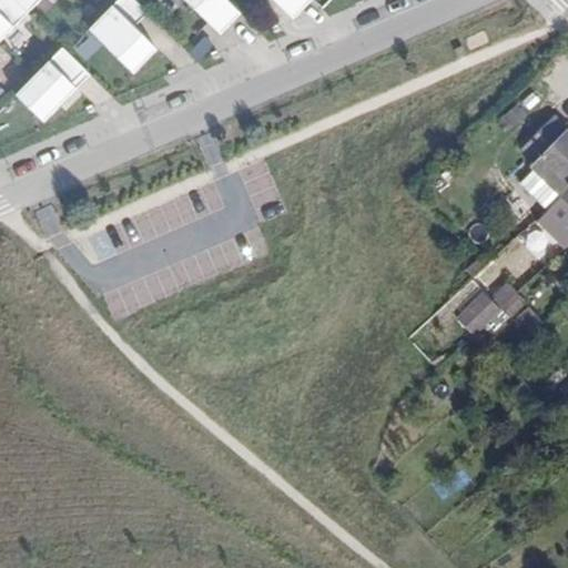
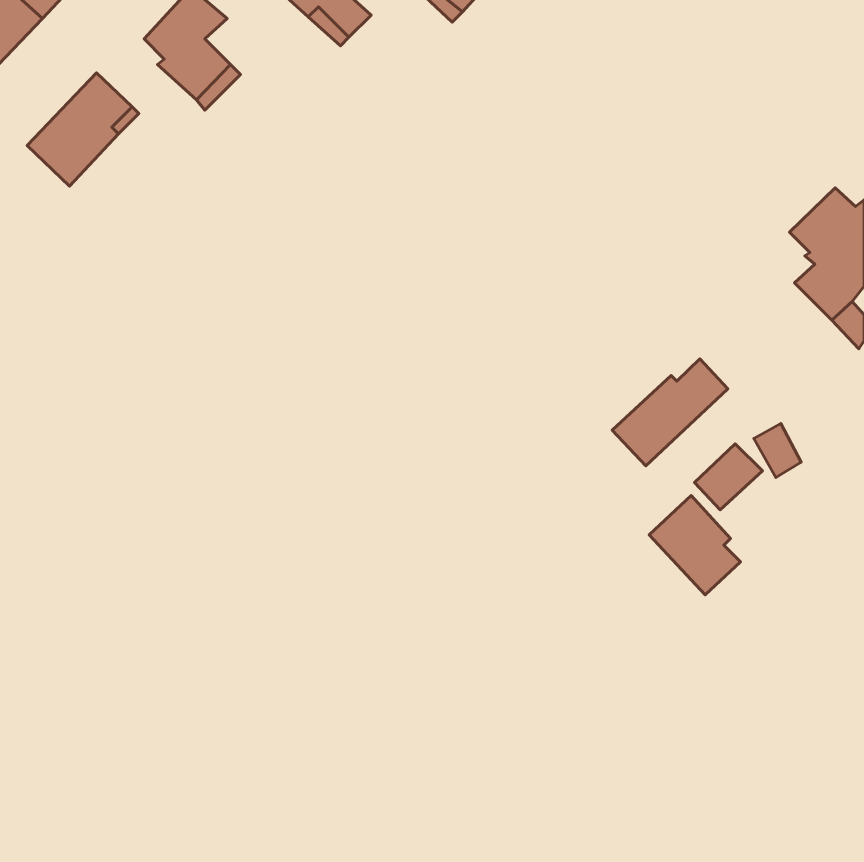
building: none -> [612,359,728,466]
building: none -> [649,495,740,595]

